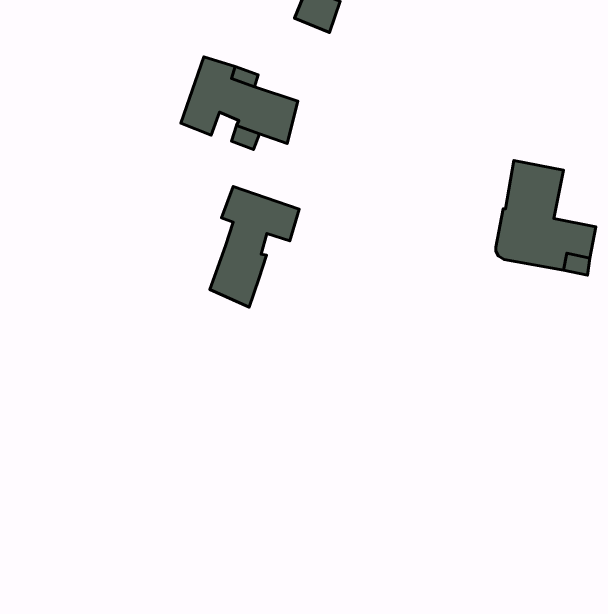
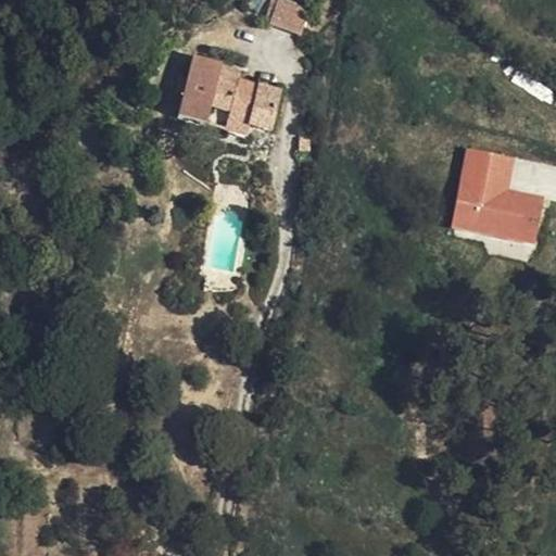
building: [210,187,299,307] -> none

